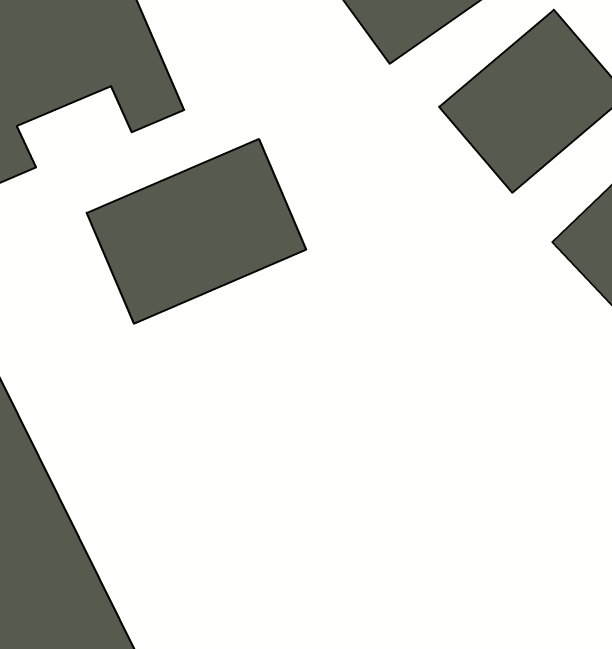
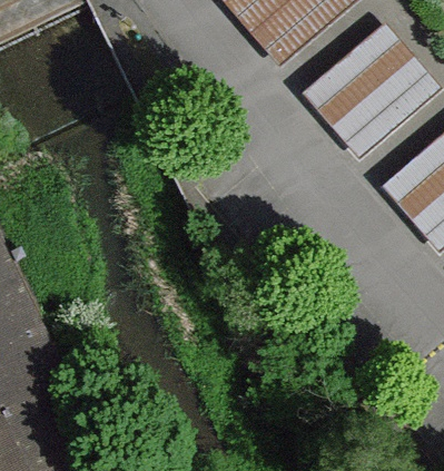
building: [87,139,306,324] -> none

